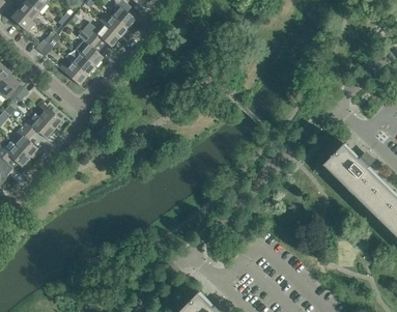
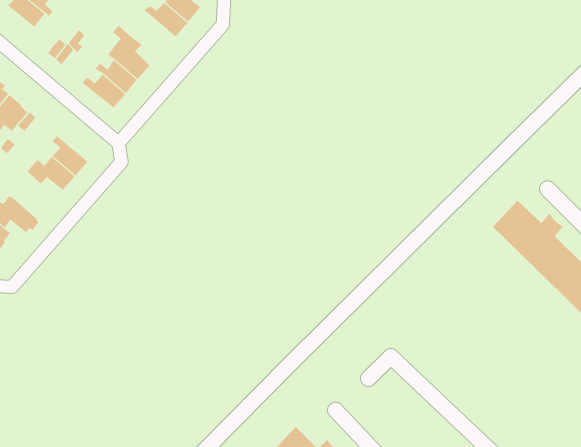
building: [82,22,119,48] -> none
building: [13,126,37,159] -> none

